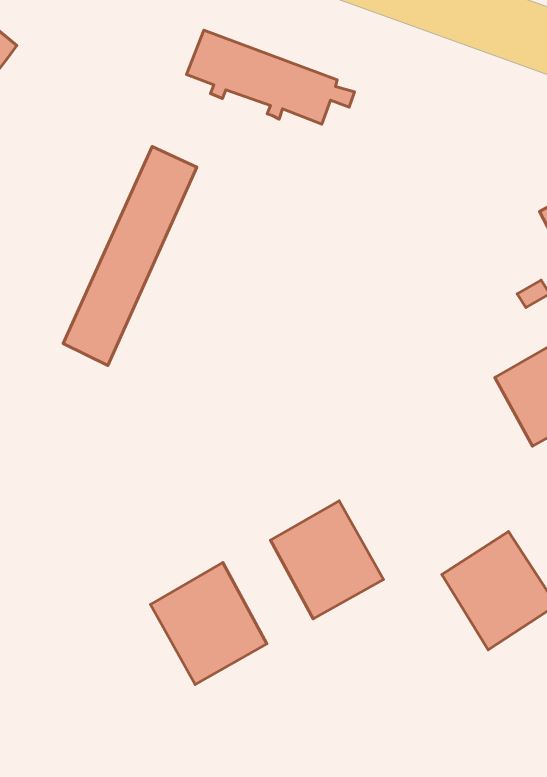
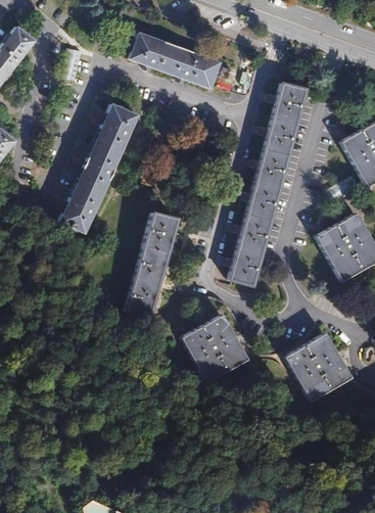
building: none -> [226,83,306,288]
building: none -> [130,212,182,315]
building: [150,562,267,684] -> none

